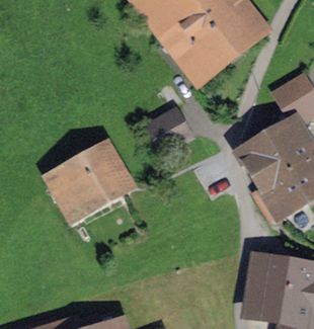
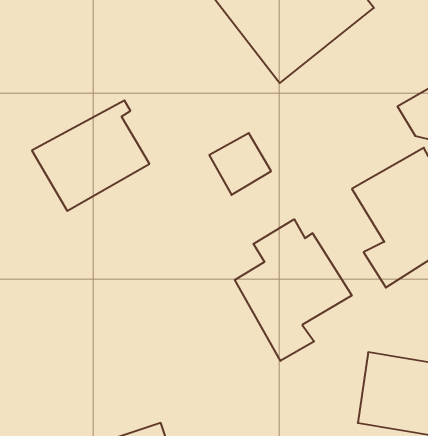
building: [44,141,125,217] -> [32,100,149,211]
building: none -> [235,219,352,361]

